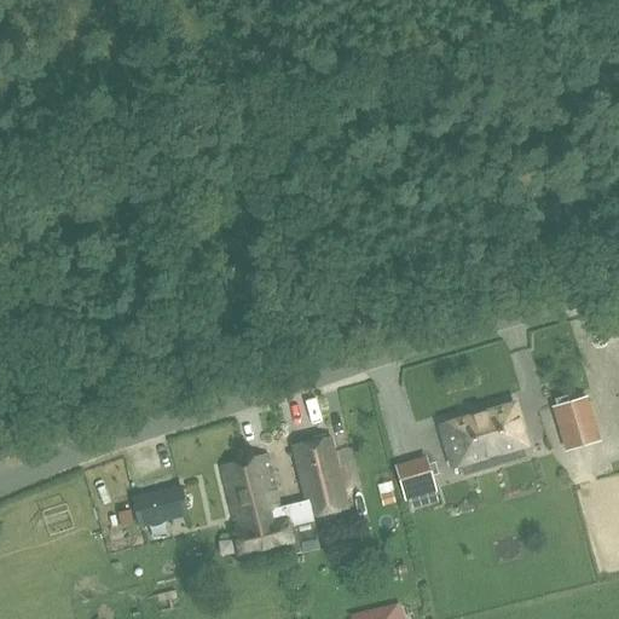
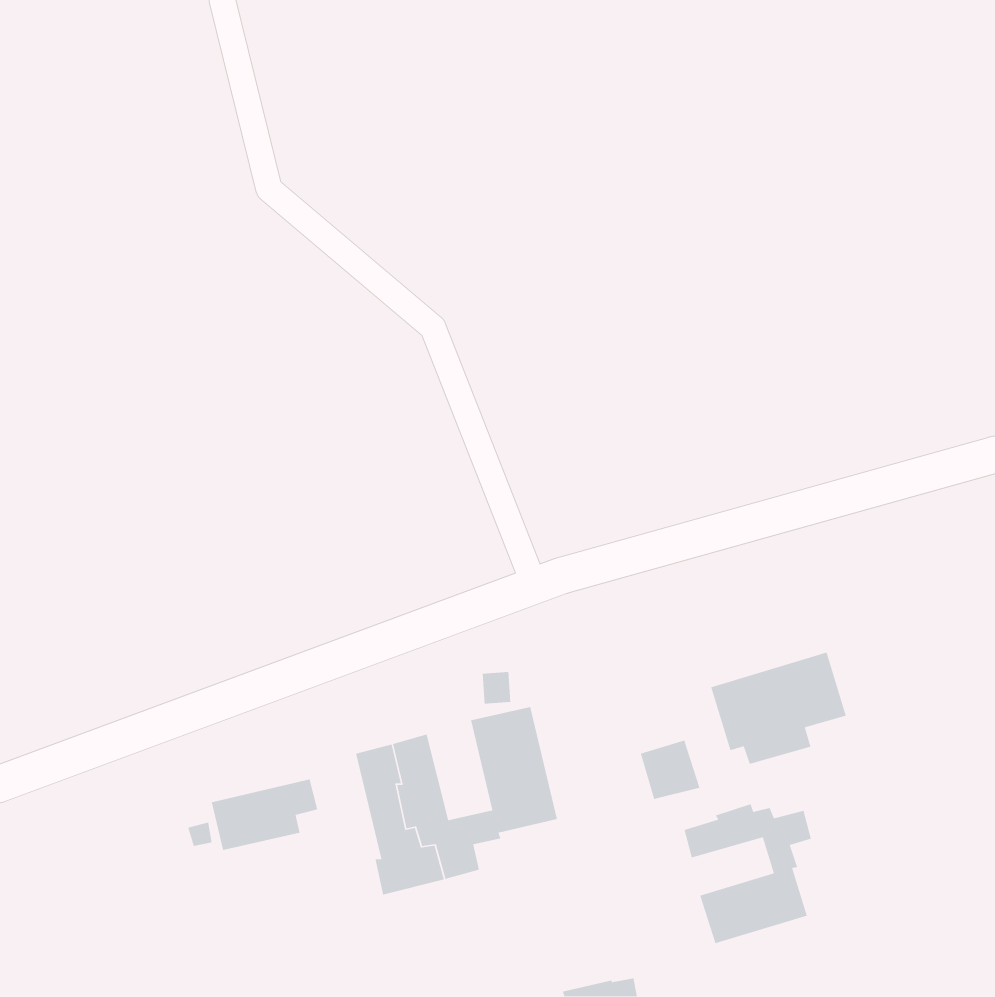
building: [554,398,597,449] -> none
building: none -> [683,803,812,944]

